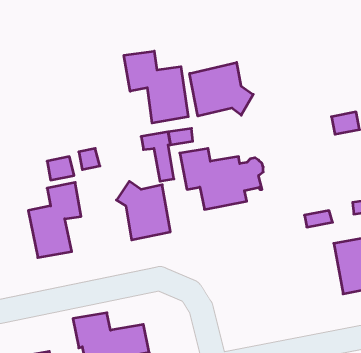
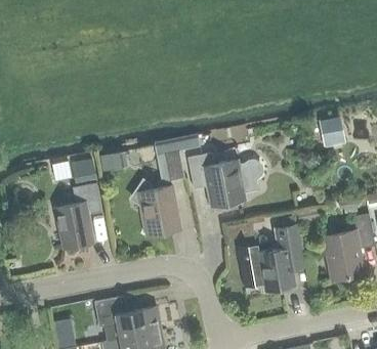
building: [124,51,188,123] -> none
building: [190,62,253,116] -> none
building: none -> [236,224,304,292]

